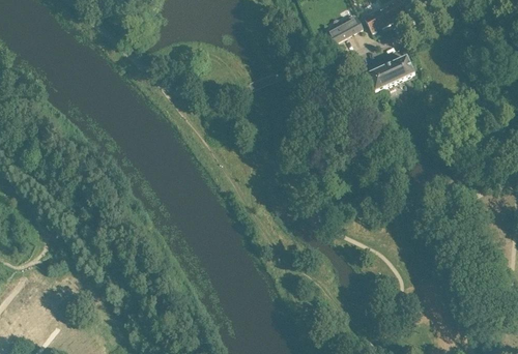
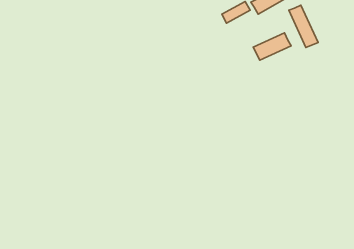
building: none -> [289,5,318,47]

